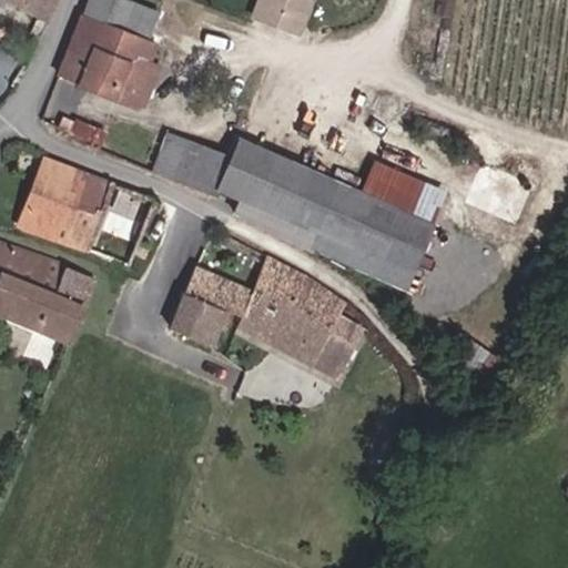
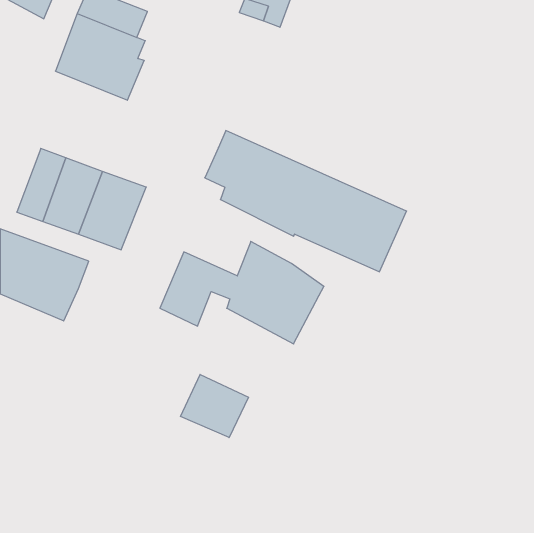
building: [152,133,232,194] -> none
building: [359,161,445,224] -> none
building: [312,314,361,377] -> none
building: none -> [181,374,248,438]

